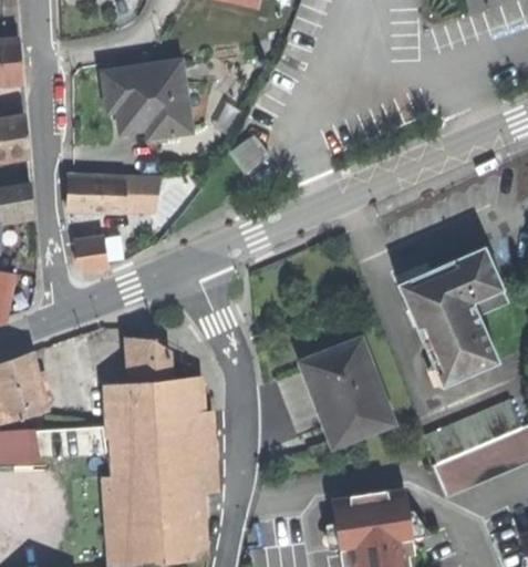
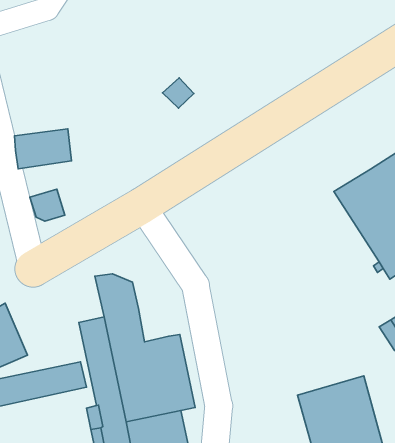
building: [103,62,189,135] -> none
building: [124,175,161,213] -> none
building: [301,340,391,443] -> none
building: [172,378,199,415] -> none

